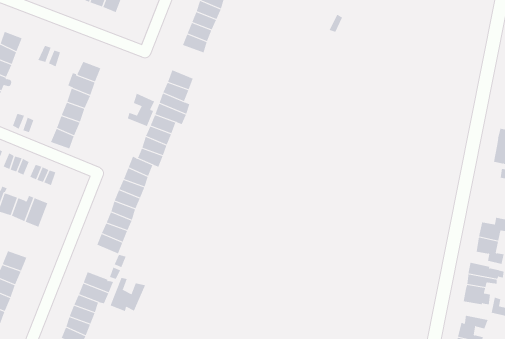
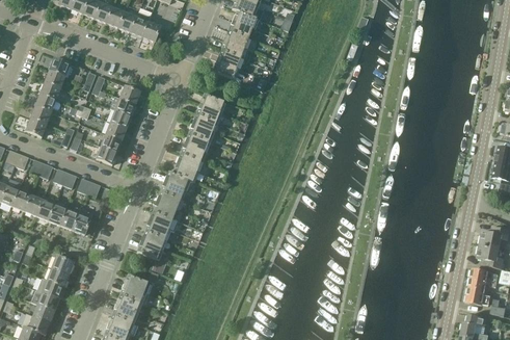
building: [127,93,155,127] -> none
building: [110,277,146,312] -> none

